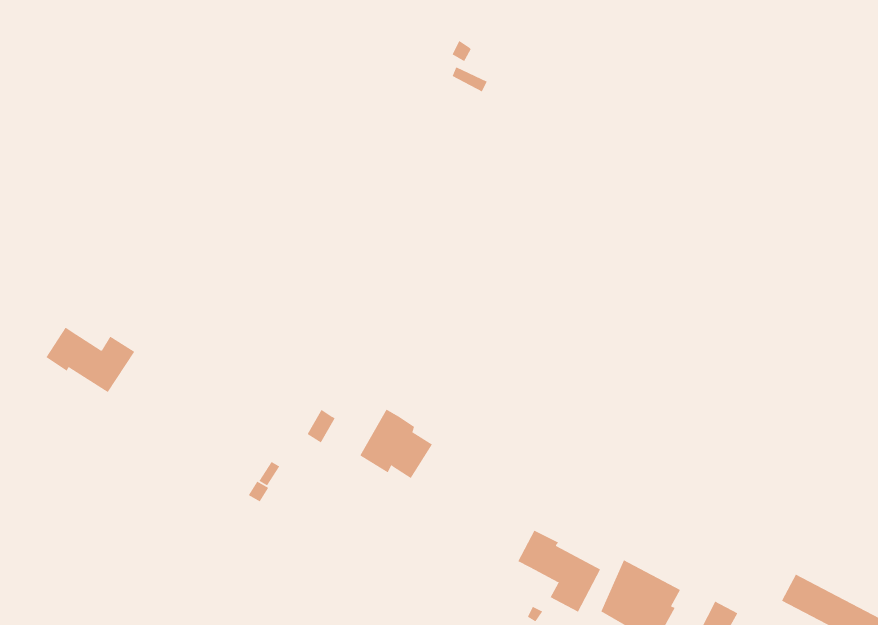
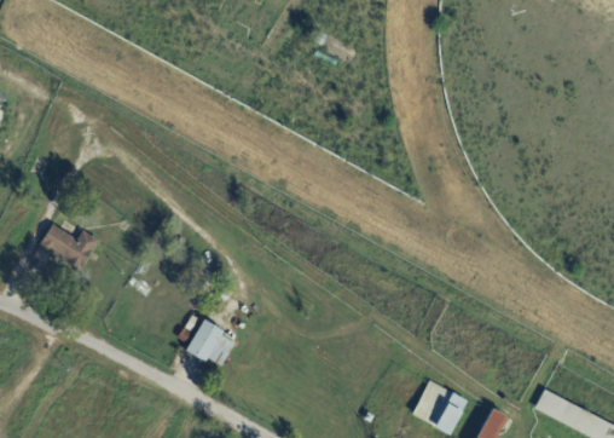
building: [359,409,433,479] -> [185,318,234,365]
building: [517,530,601,612] -> none

